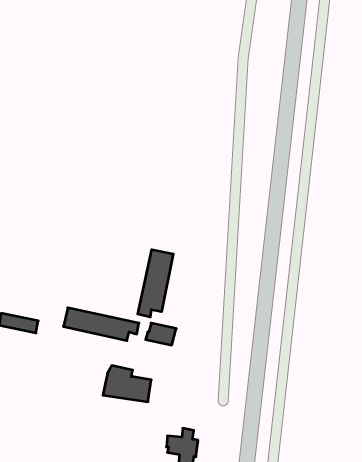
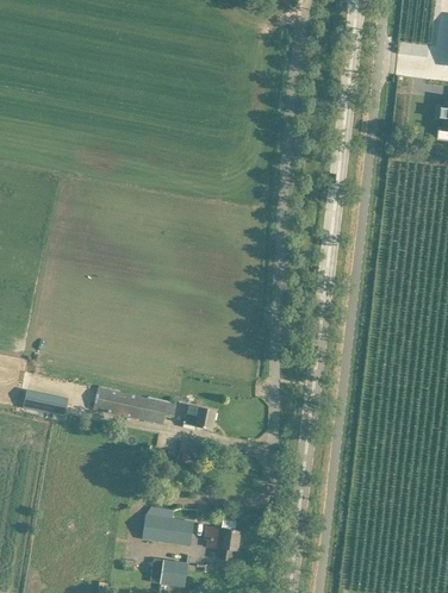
building: [138,250,173,317] -> none
building: [103,366,151,402] -> [141,505,193,544]

